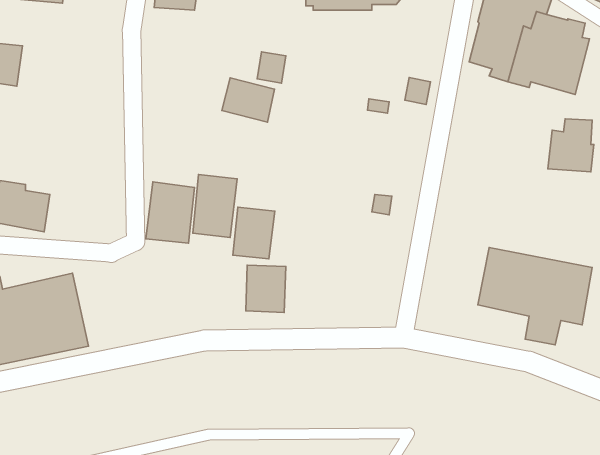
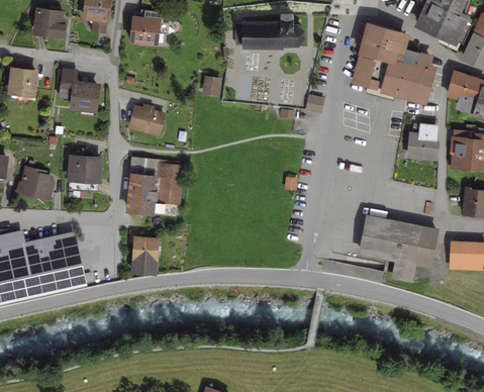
building: none -> [66,81,98,113]
building: [222,78,275,122] -> [128,104,166,135]
building: none -> [66,156,101,183]
building: [233,207,275,259] -> none
building: [246,265,286,312] -> [130,238,159,272]

